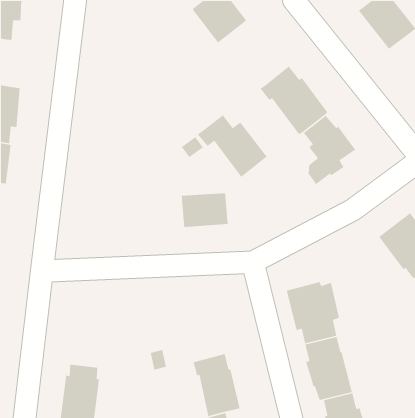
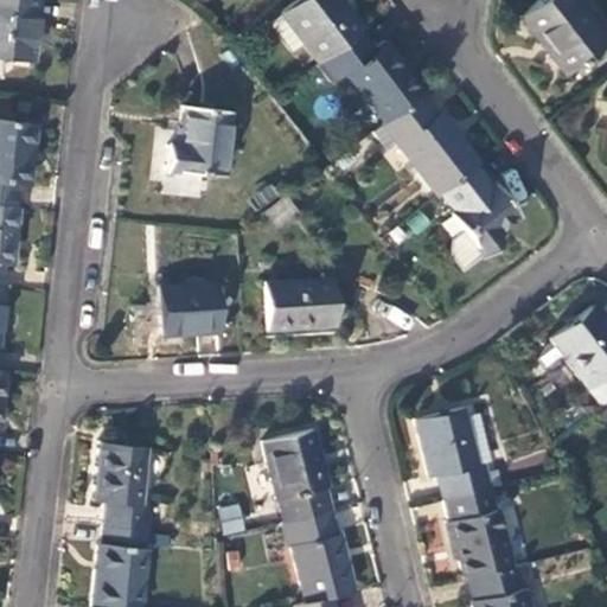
building: none -> [165,111,231,181]
building: [197,114,267,178] -> [324,32,426,124]
building: none -> [162,285,221,338]
building: none -> [264,432,331,524]
building: none -> [94,443,154,533]

